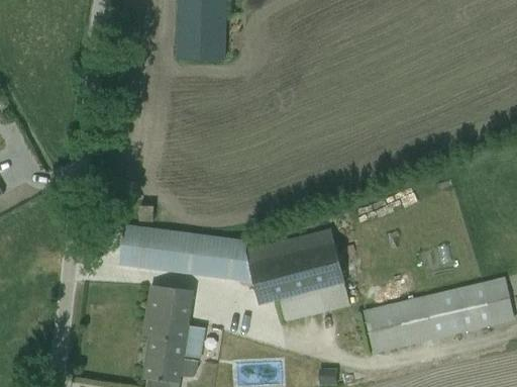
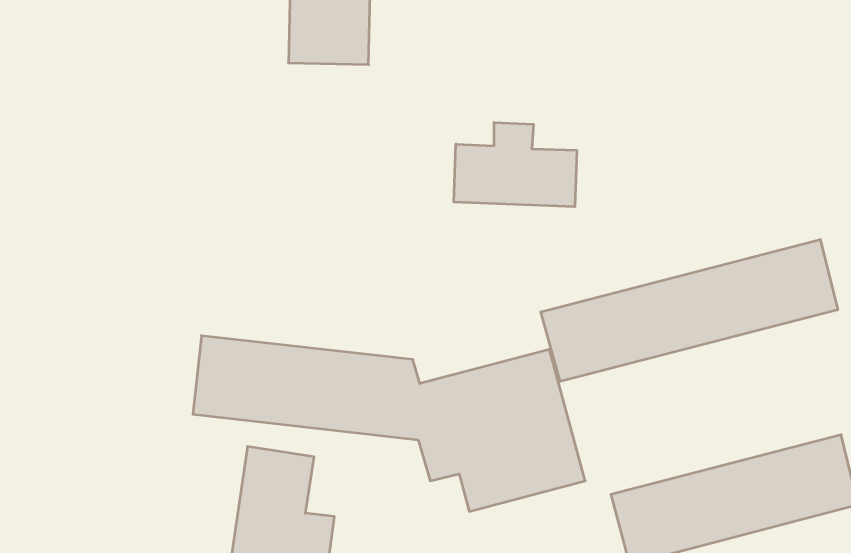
building: none -> [454,122,577,207]
building: none -> [541,239,838,381]

